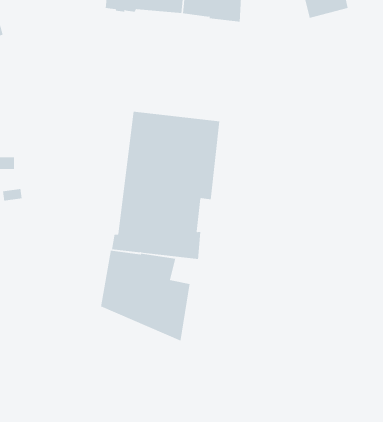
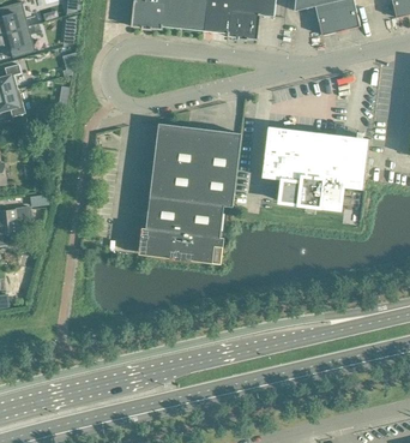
building: none -> [264,126,370,208]
building: [100,250,190,342] -> none

